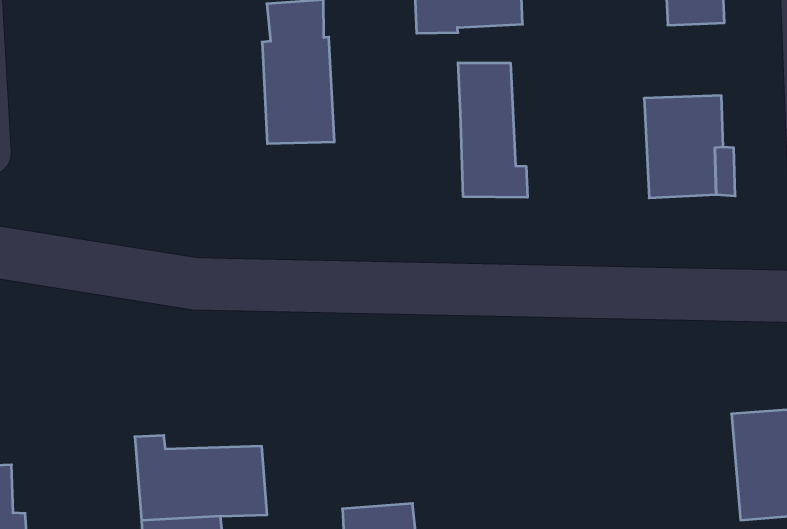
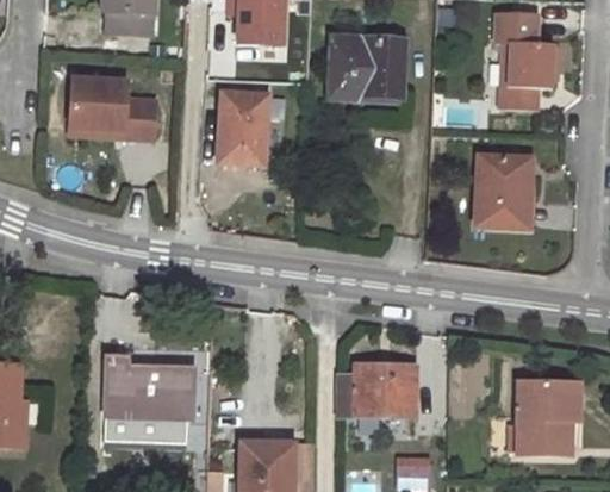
building: none -> [70,86,152,142]
building: [458,63,527,197] -> none
building: none -> [338,365,413,415]

